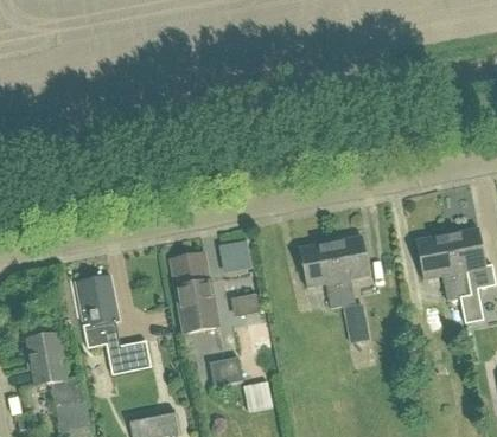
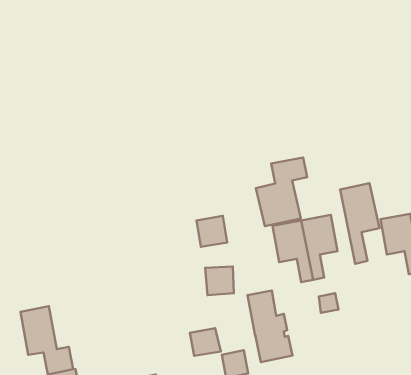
building: none -> [256,157,307,226]
building: none -> [340,183,380,264]
building: [171,256,219,333] -> [247,291,293,362]
building: [75,276,152,375] -> none

